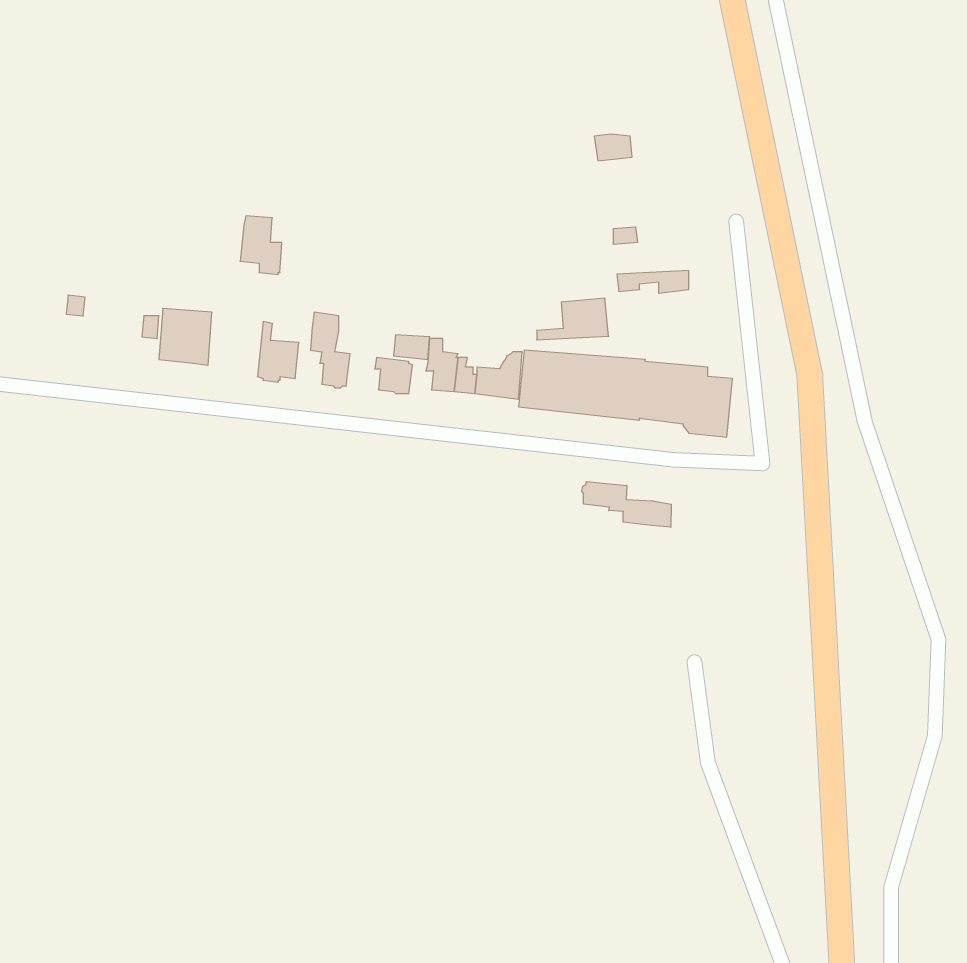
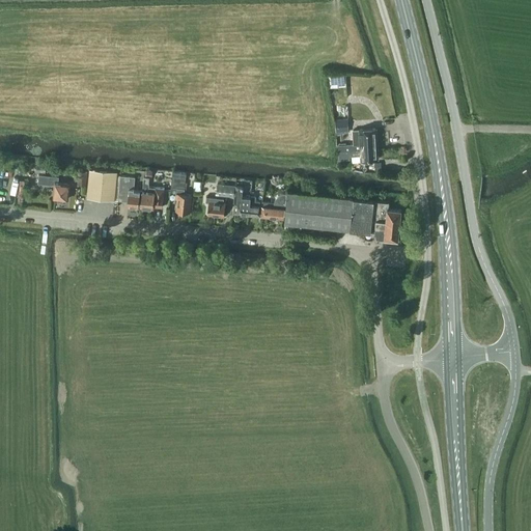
building: [240,216,282,275] -> [117,177,140,209]
building: [537,298,609,340] -> [338,130,378,152]
building: none -> [37,176,69,201]
building: [582,482,671,527] -> none

